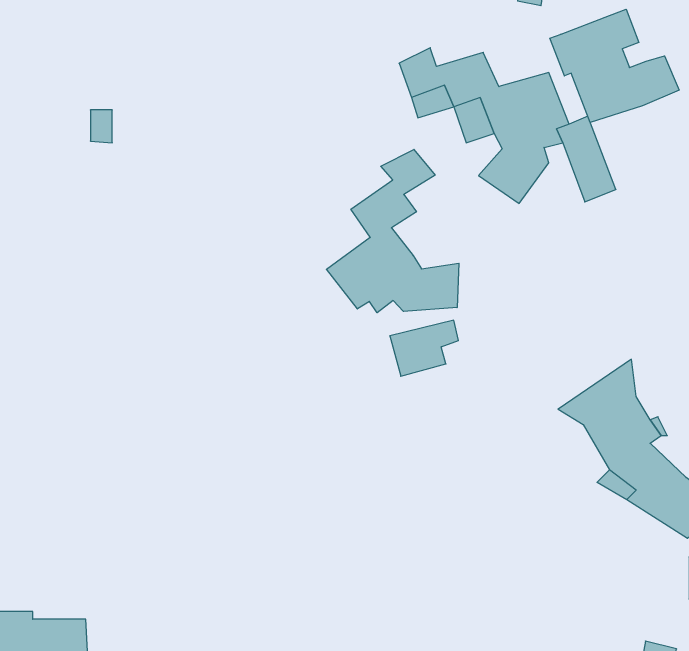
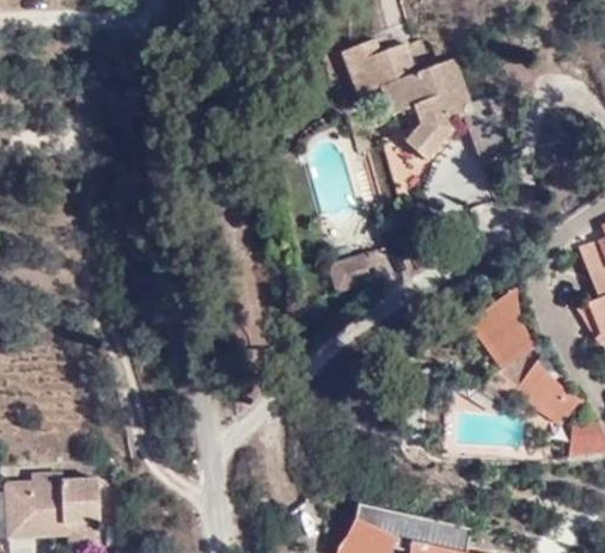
building: [550,9,679,122] -> none
building: [326,149,459,313] -> none

